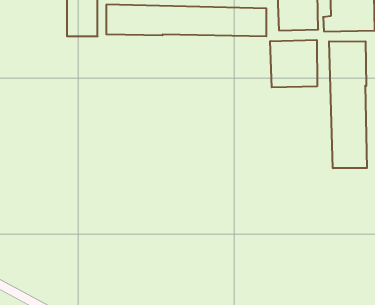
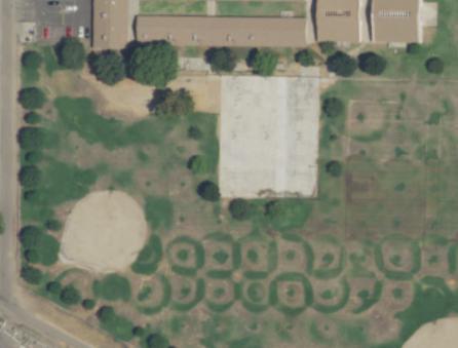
building: [270,40,317,87] -> none
building: [329,41,367,168] -> none

